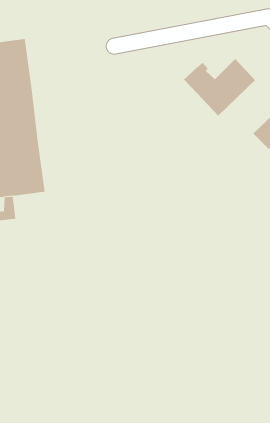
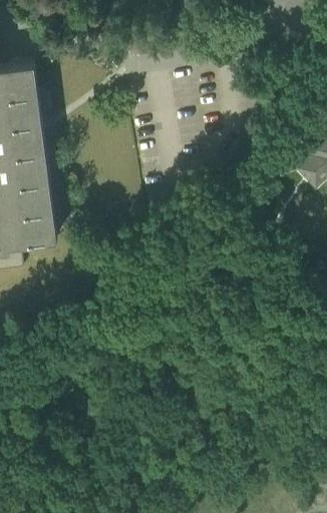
building: [183,58,256,116] -> none

